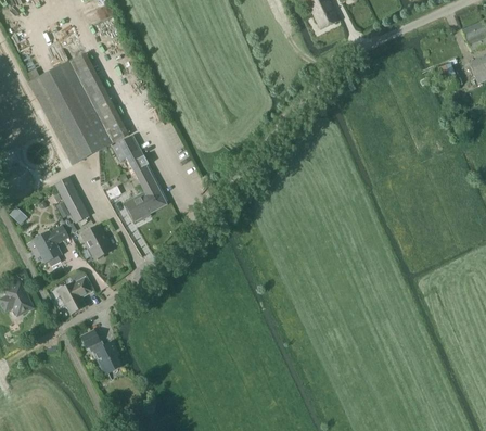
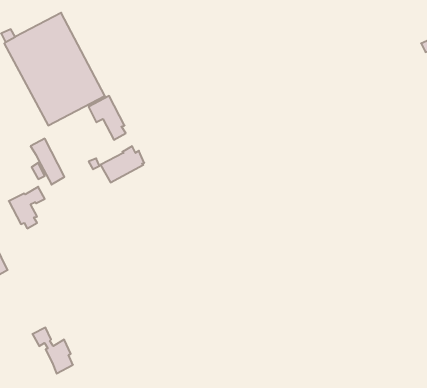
building: [81,225,112,258] -> none
building: [57,272,92,314] -> none
building: [80,329,120,375] -> [32,328,73,374]

